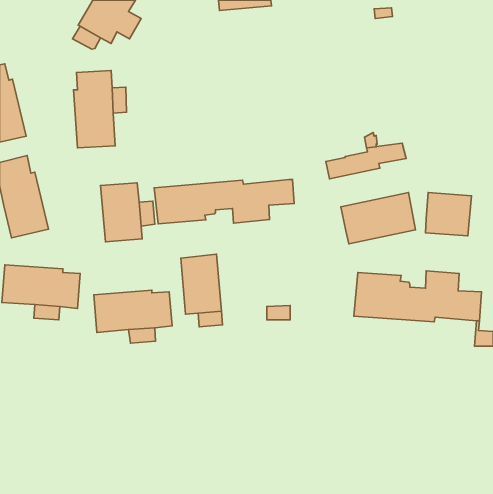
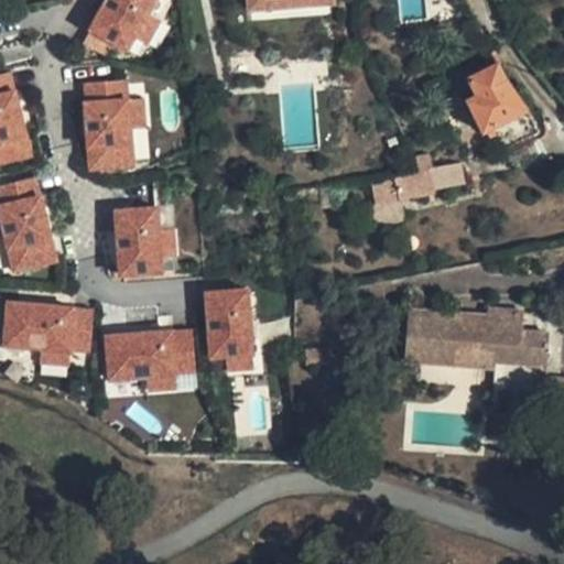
building: none -> [467,63,527,132]
building: [154,180,294,224] -> none
building: [341,192,416,244] -> none
building: [425,193,471,236] -> none

